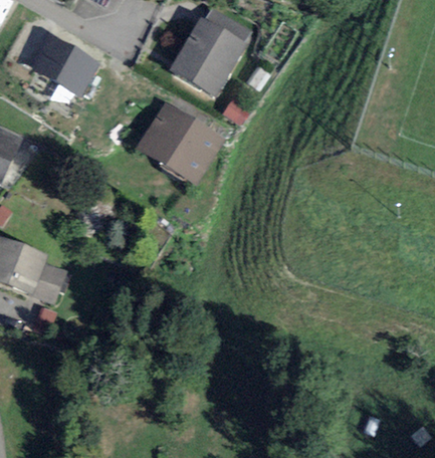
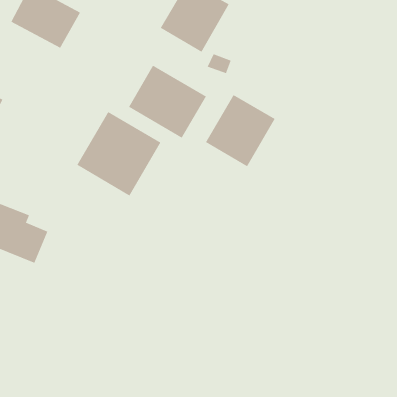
building: none -> [205,94,275,167]
building: none -> [76,111,161,196]

